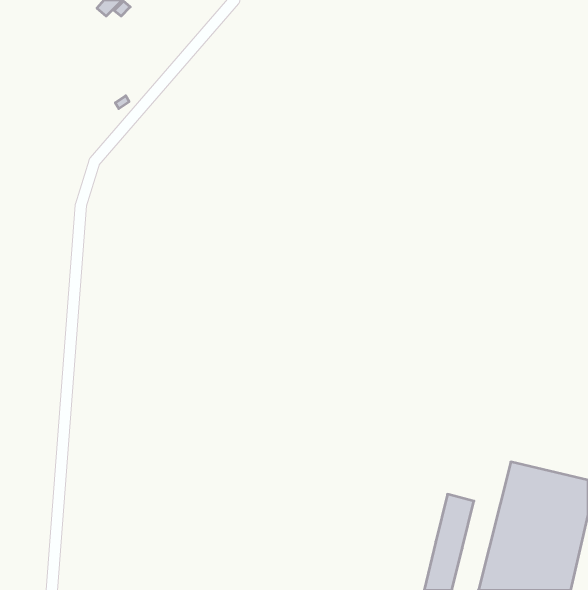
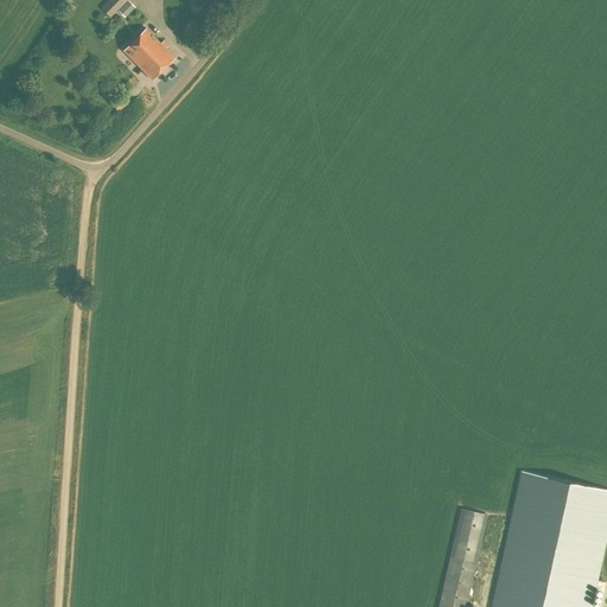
building: none -> [122,28,173,79]

